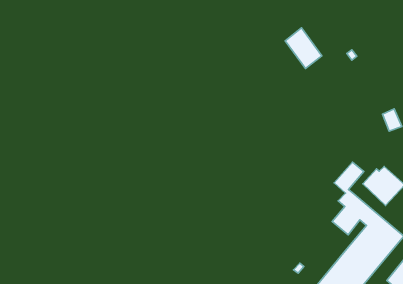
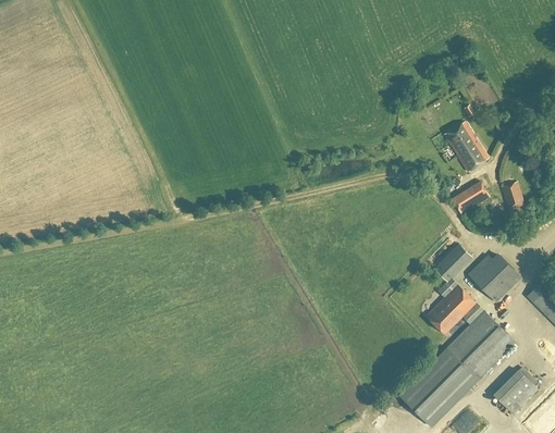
building: [285,28,322,69] -> [443,121,488,172]
building: none -> [452,182,489,214]

